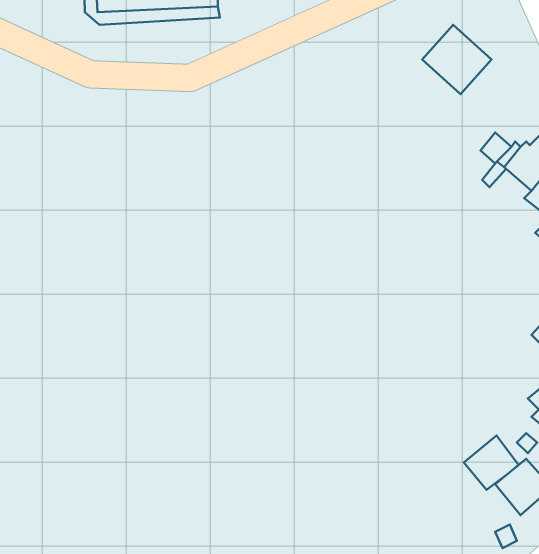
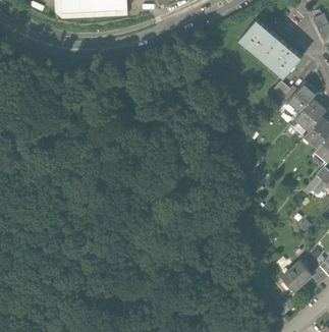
building: none -> [262,38,300,75]
building: [464,436,519,490] -> none

